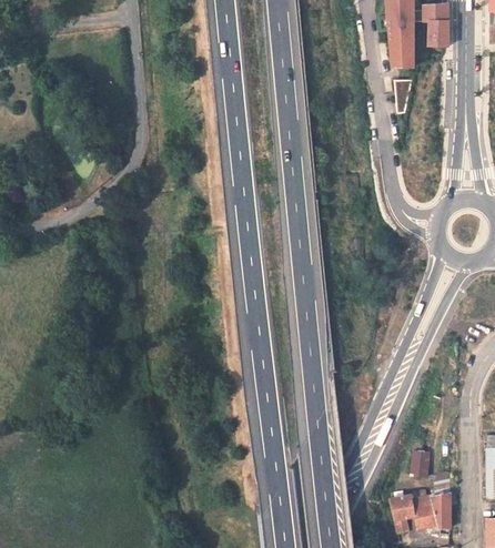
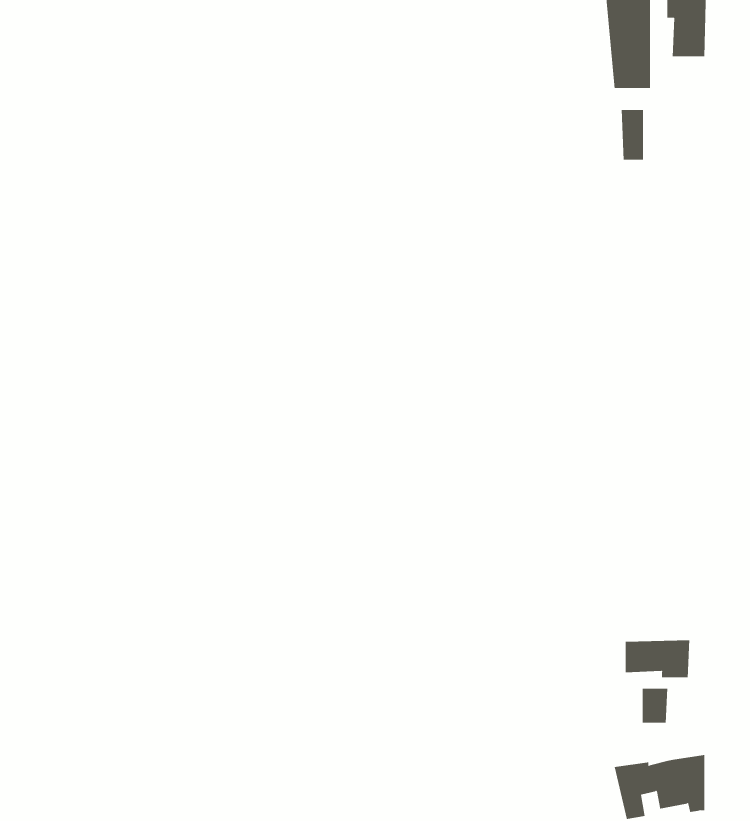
building: none -> [625,640,690,678]

